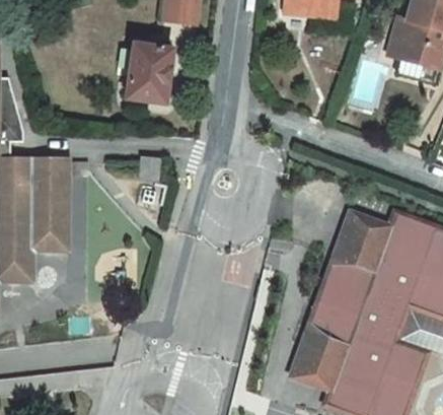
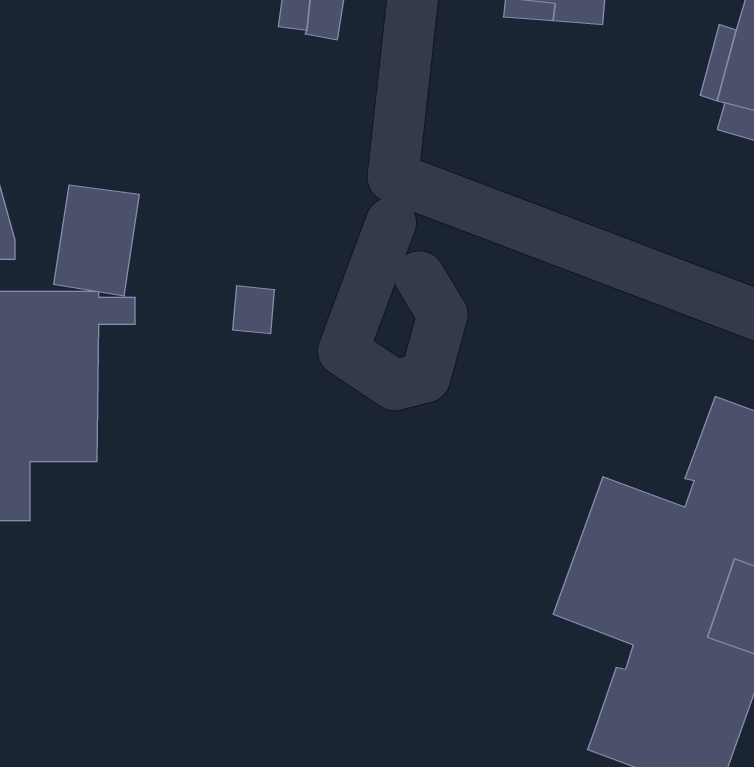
building: [127,45,172,103] -> [54,185,139,296]
building: [333,210,392,273] -> none
building: [290,329,353,391] -> none

